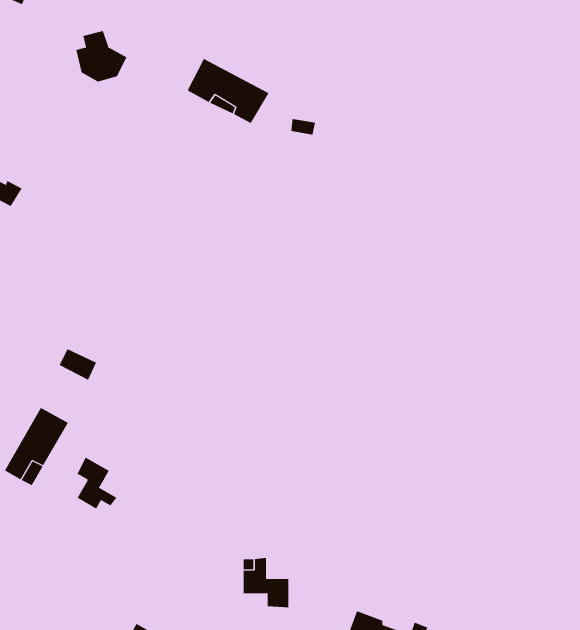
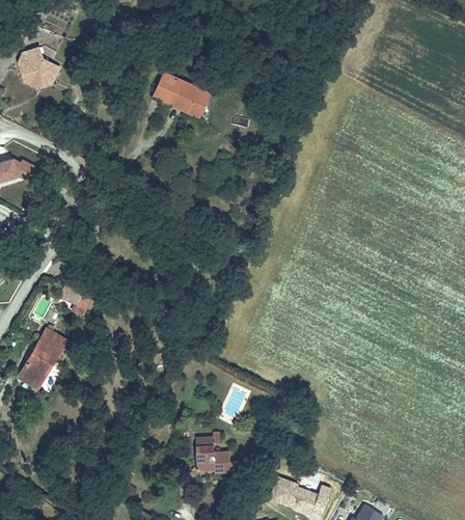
building: [75,30,127,82] -> [21,48,59,86]
building: [77,457,117,509] -> none

